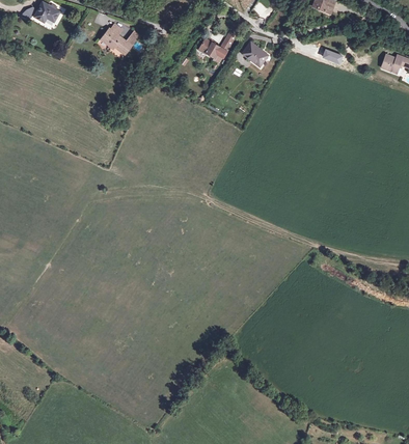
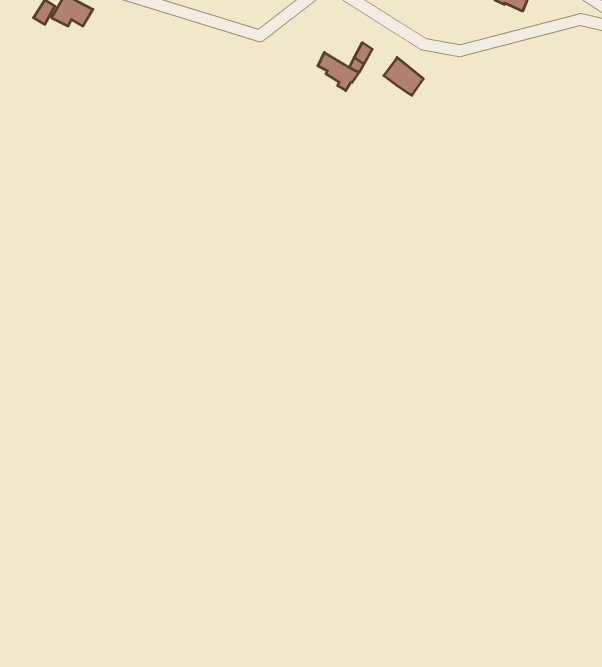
building: [101,24,141,53] -> none

